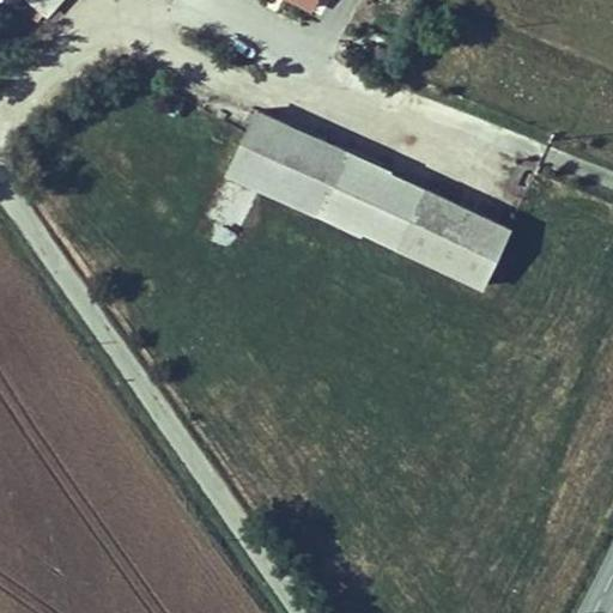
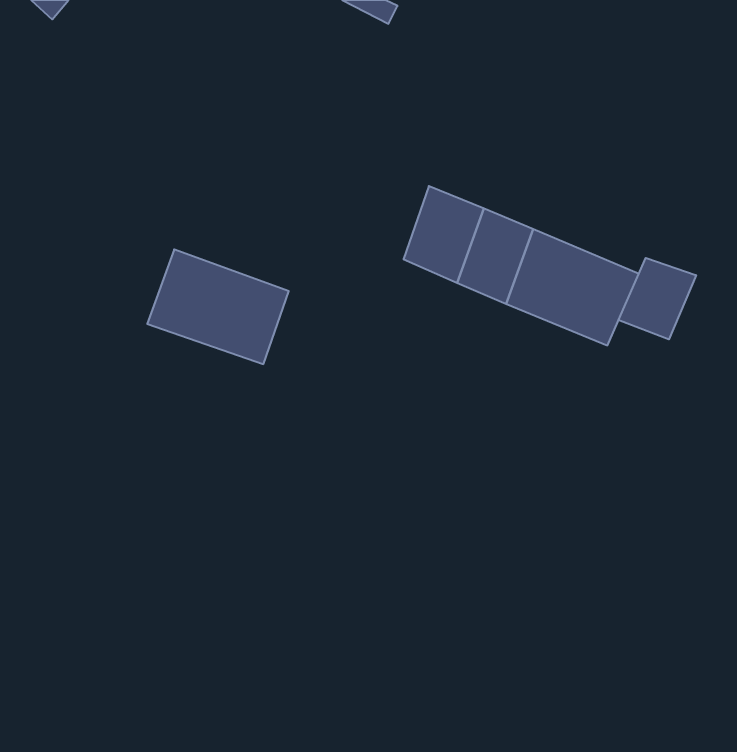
building: [231,123,345,216] -> [147,249,289,364]
building: none -> [619,258,696,339]

